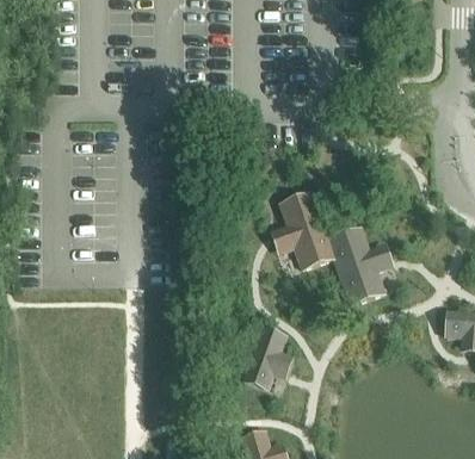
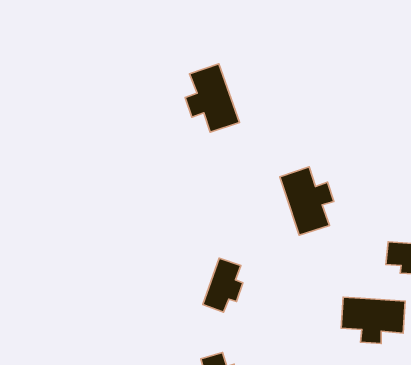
building: [276,193,335,268] -> [185,64,239,132]
building: none -> [341,297,405,344]

